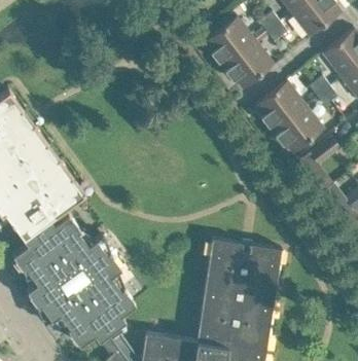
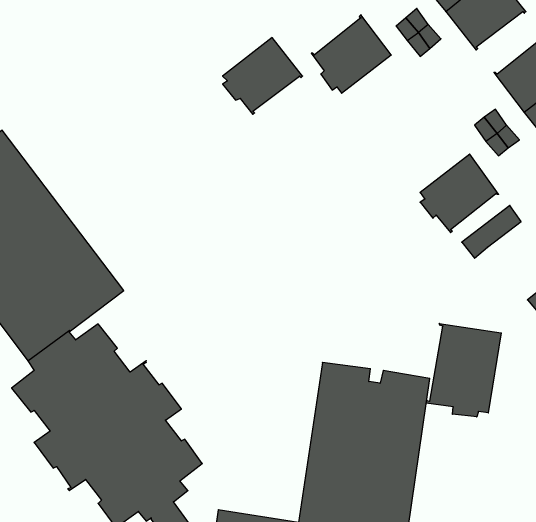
building: [223,41,275,91] -> [223,38,303,114]
building: [254,80,306,130] -> none
building: none -> [426,323,501,417]

